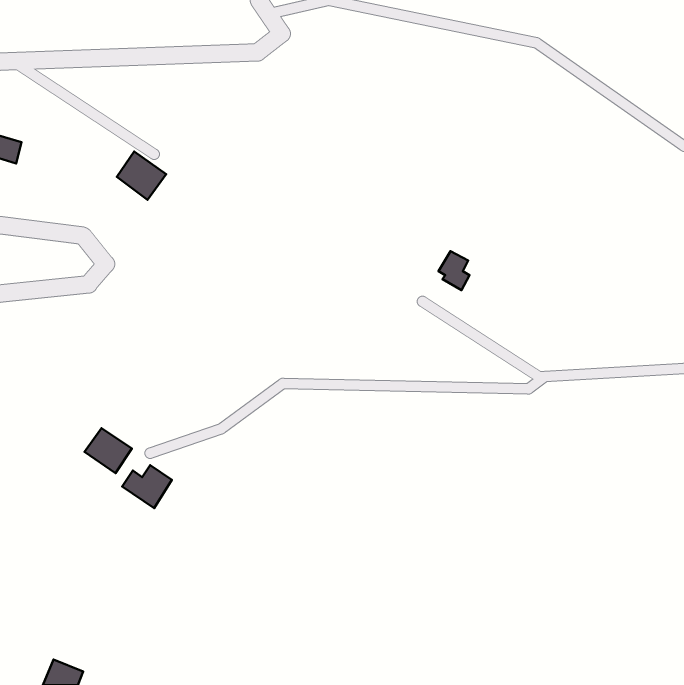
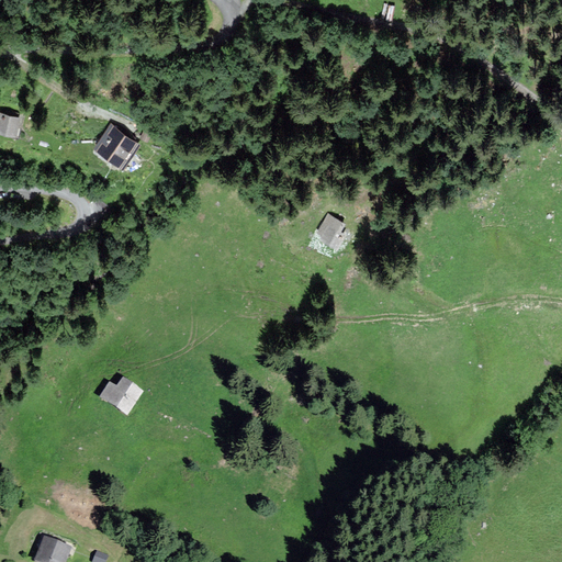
building: [439,251,469,290] -> [317,214,342,246]
building: [85,428,132,473] -> none

